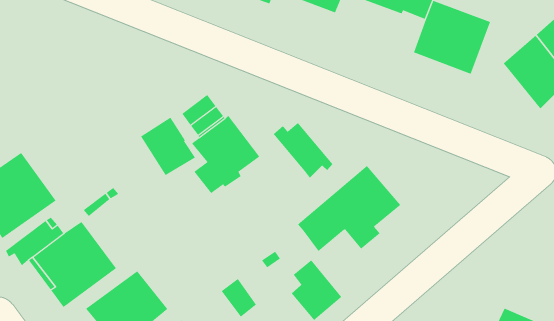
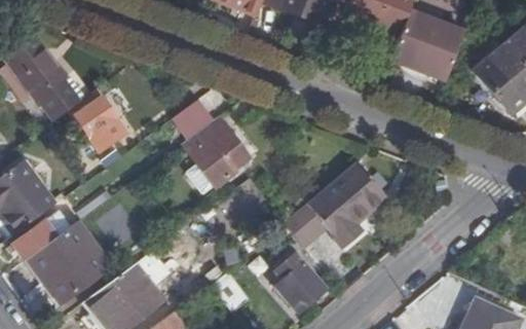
building: none -> [8,42,79,120]
building: [140,117,196,176] -> [73,97,125,152]
building: [273,122,333,179] -> none

